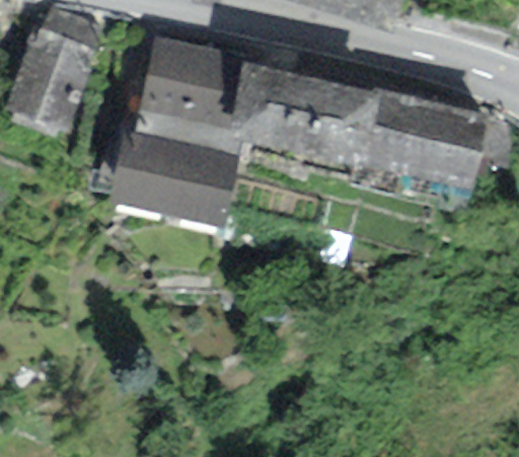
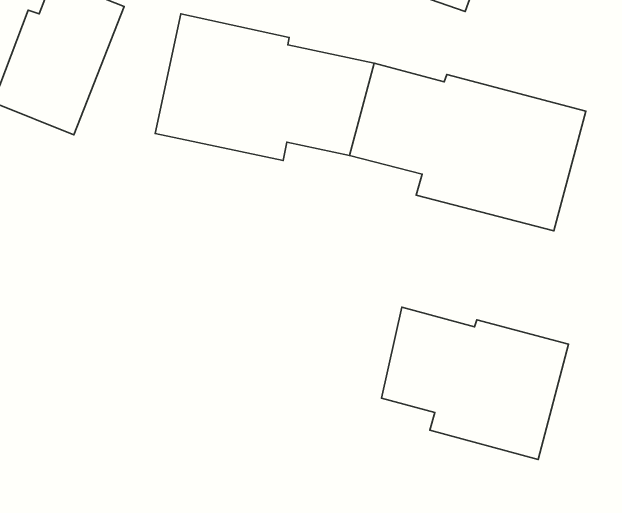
building: [105,131,237,225] -> none
building: none -> [382,307,569,459]

